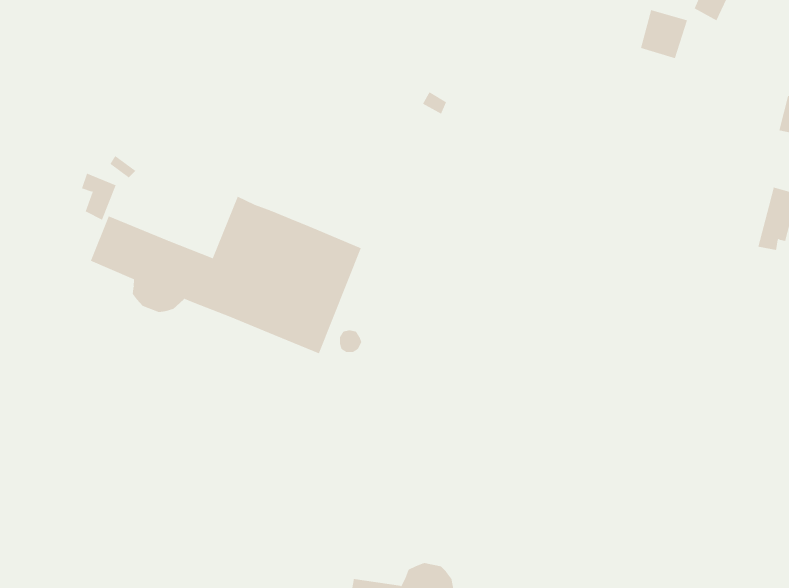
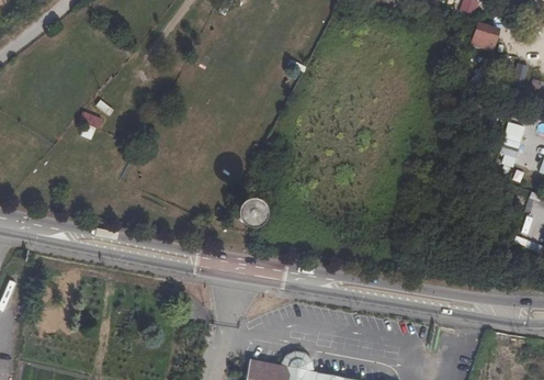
building: [640,9,688,59] -> [472,20,501,51]
building: [90,196,362,354] -> none

